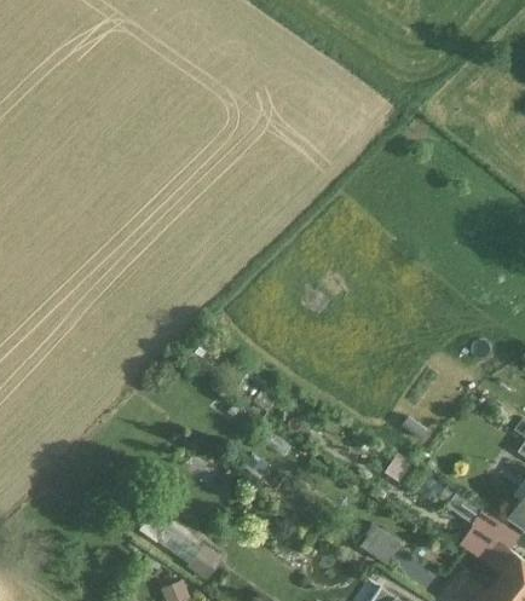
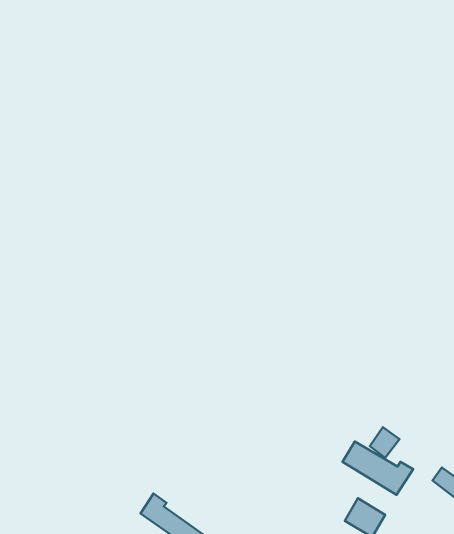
building: none -> [343,441,413,495]

